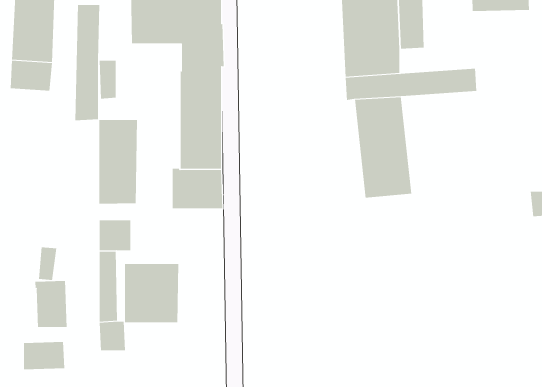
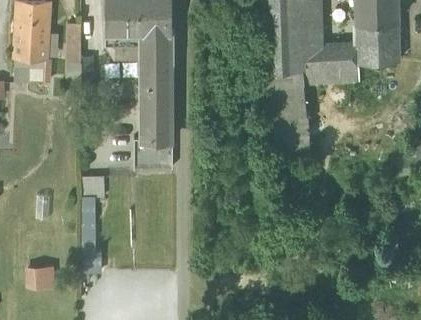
building: none -> [304,20,401,67]
building: [99,119,137,205] -> none
building: [125,263,179,323] -> none
building: [35,280,67,328] -> none

